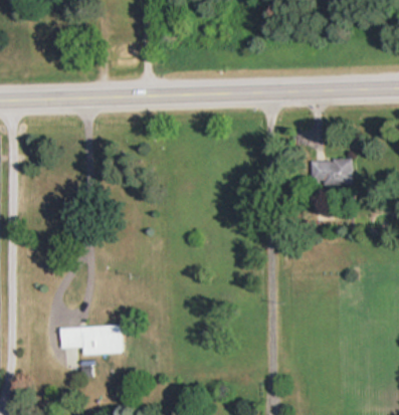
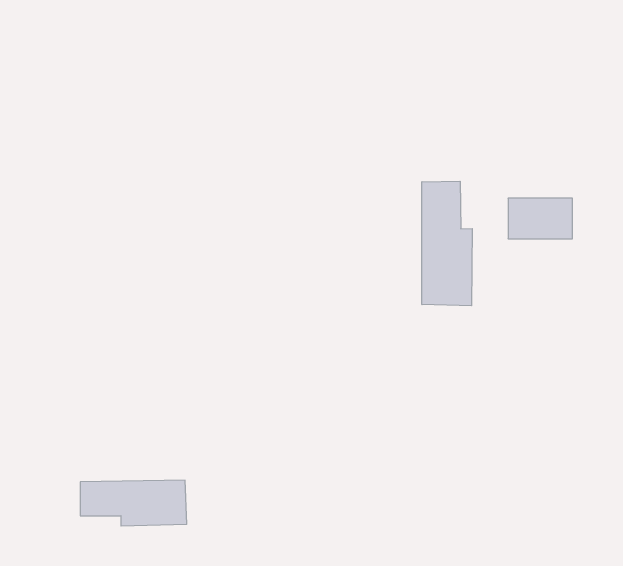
building: none -> [422,181,472,306]

